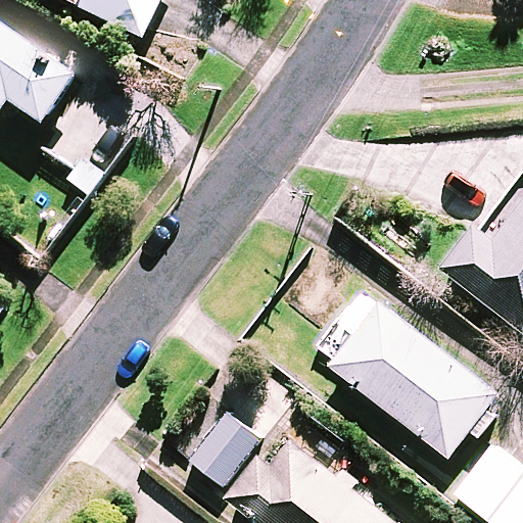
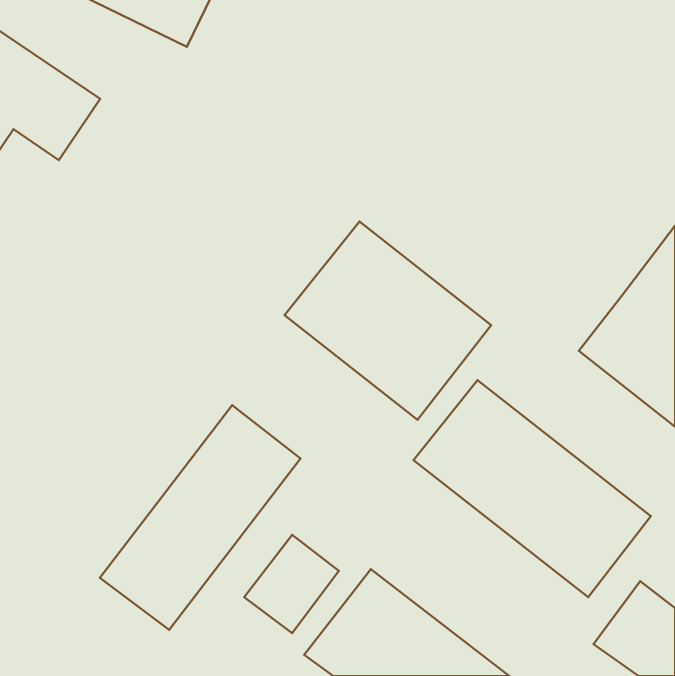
building: none -> [285,221,491,420]
building: none -> [100,405,301,630]

